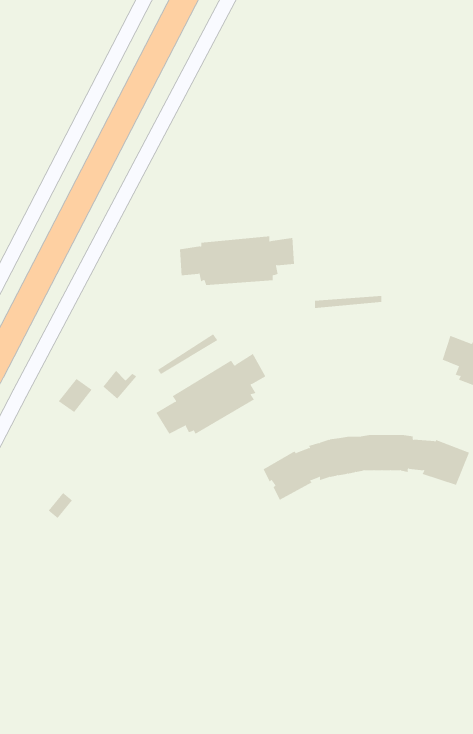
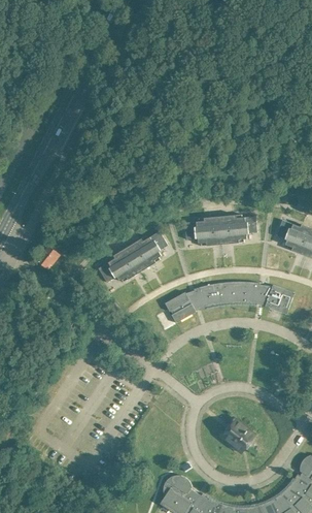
building: [179,236,295,286] -> [184,215,256,246]
building: none -> [217,416,255,454]

